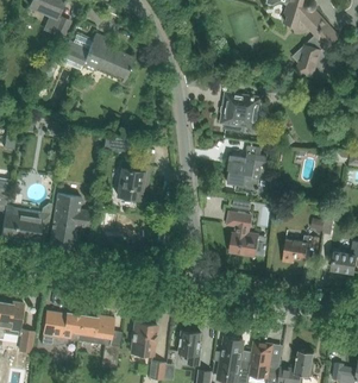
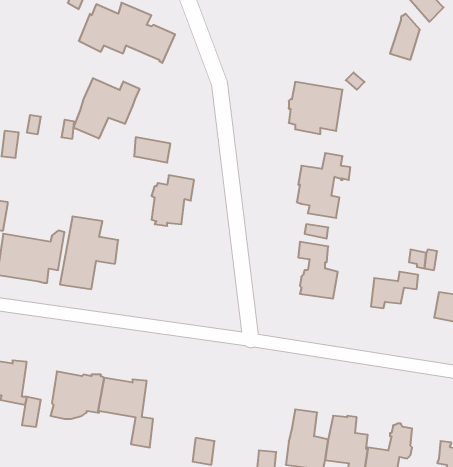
building: none -> [73,78,139,139]
building: [131,322,157,357] -> none
building: [178,329,201,366] -> none

